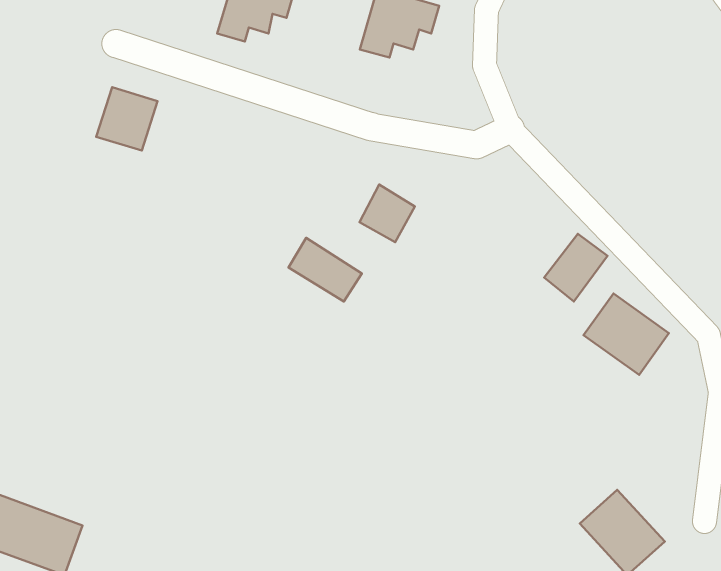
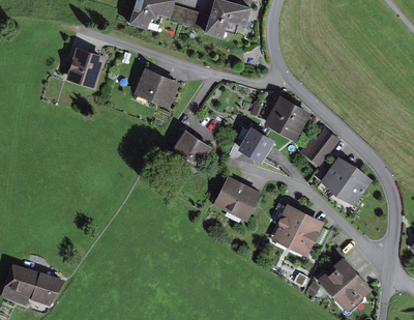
building: none -> [138,72,175,105]
building: none -> [265,99,305,138]
building: [359,185,415,242] -> [241,130,270,161]
building: none -> [216,179,257,217]
building: none -> [274,210,318,253]

